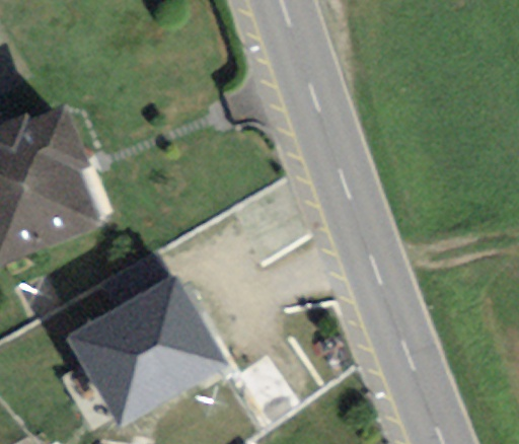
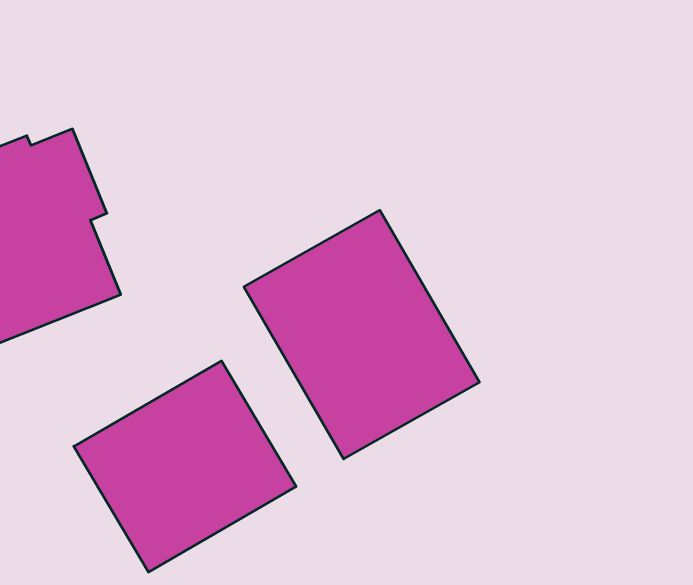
building: none -> [244,210,479,459]

